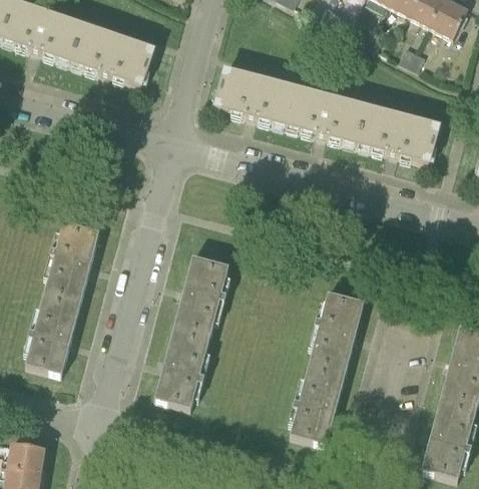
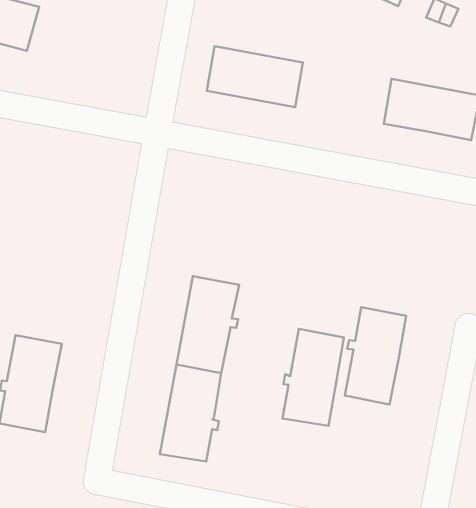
building: [71,25,153,84] -> none
building: [287,87,367,142] -> none
building: [44,220,99,302] -> none
building: [290,362,345,443] -> [283,329,344,426]

